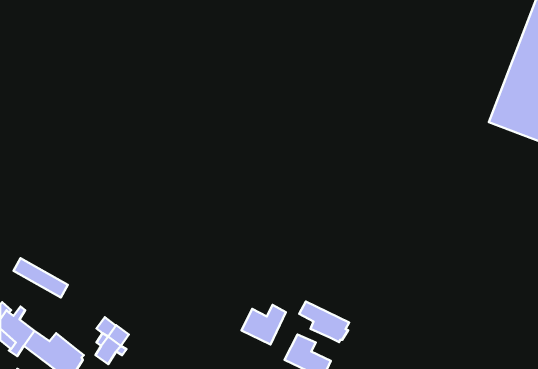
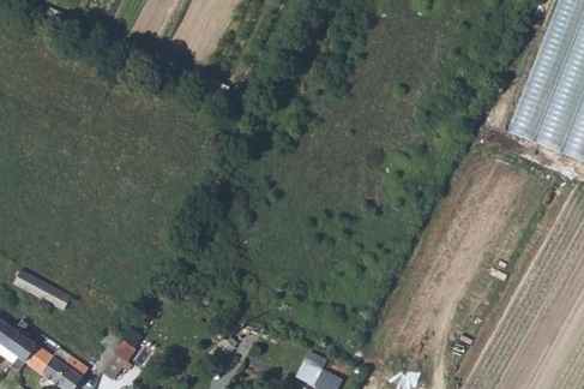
building: [299,301,349,342] -> none
building: [242,305,286,345] -> none

